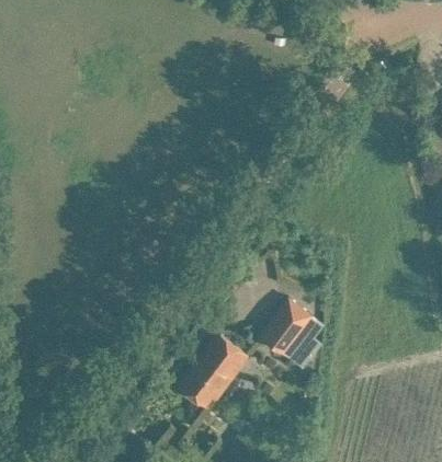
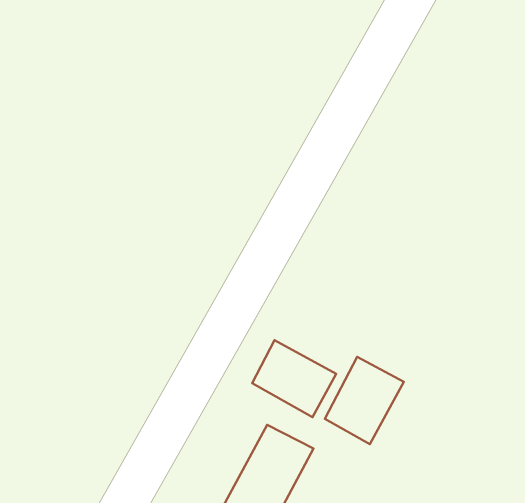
building: none -> [252,340,336,417]

